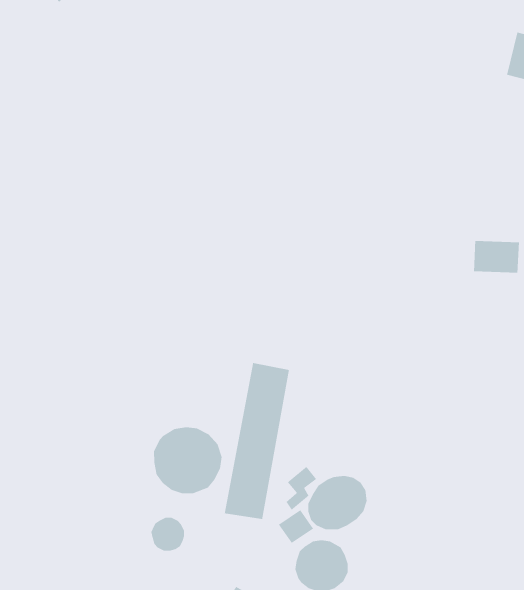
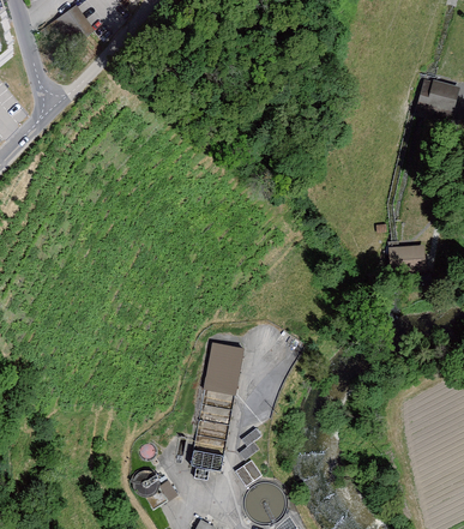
building: [153,426,223,494] -> none
building: [307,475,368,530] -> none

